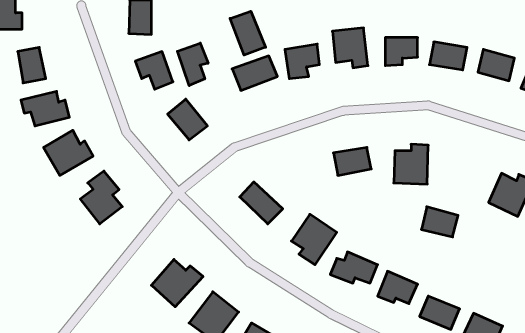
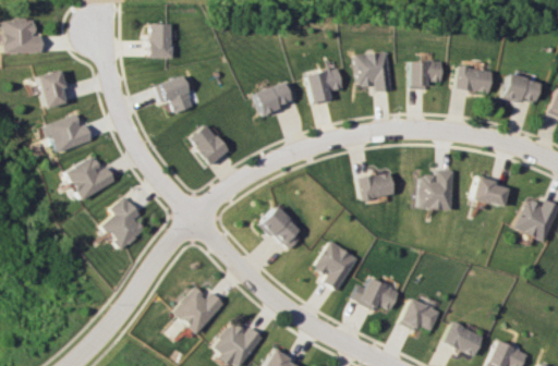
building: [230,11,266,55] -> none
building: [177,43,208,86] -> none
building: [421,207,458,237] -> [471,176,508,207]

